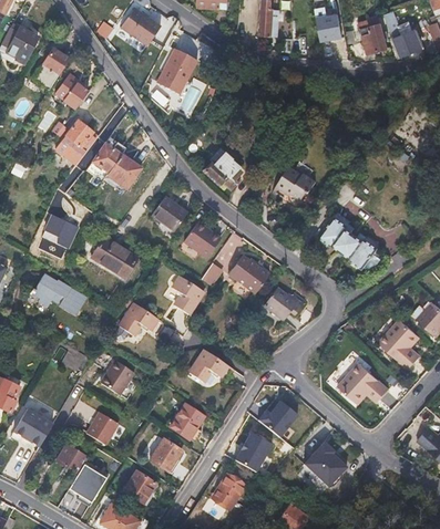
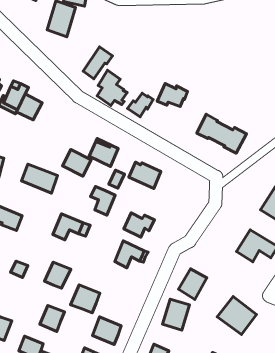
building: none -> [83,47,112,79]
building: none -> [128,93,153,117]
building: [150,195,185,229] -> [63,150,91,176]
building: [263,284,301,315] -> [124,213,154,237]
building: [166,402,204,438] -> [71,285,100,313]

